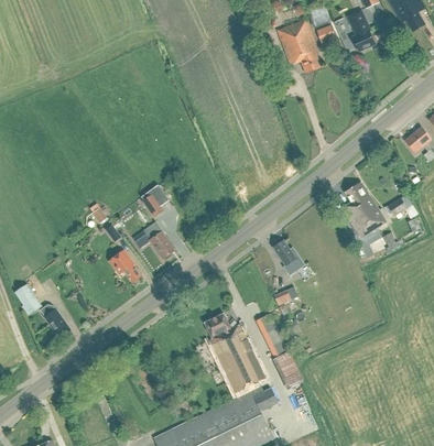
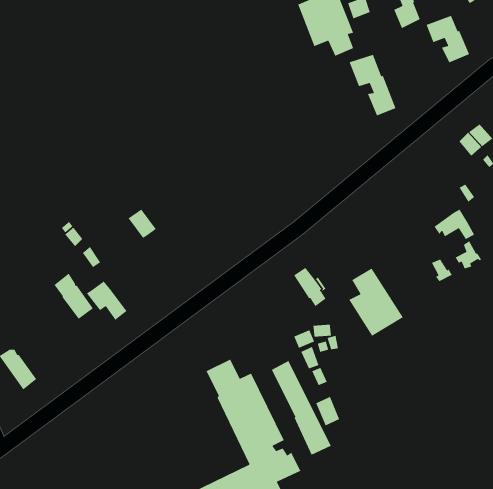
building: none -> [425,15,470,64]
building: none -> [349,54,397,116]
building: [341,182,386,237] -> [348,267,404,337]
building: [142,221,174,259] -> [54,272,94,320]

